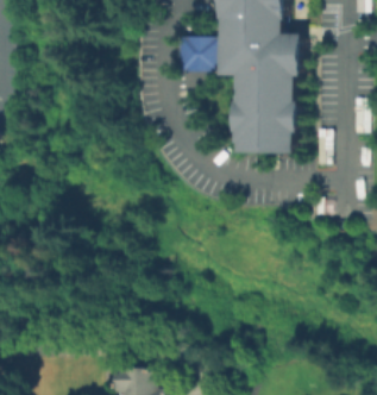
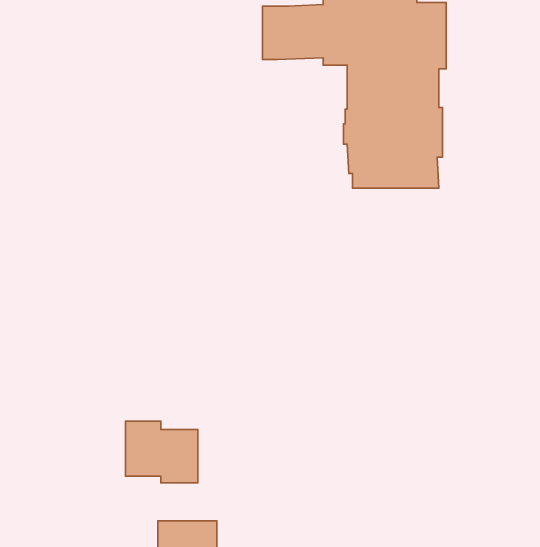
building: none -> [125,421,198,483]

